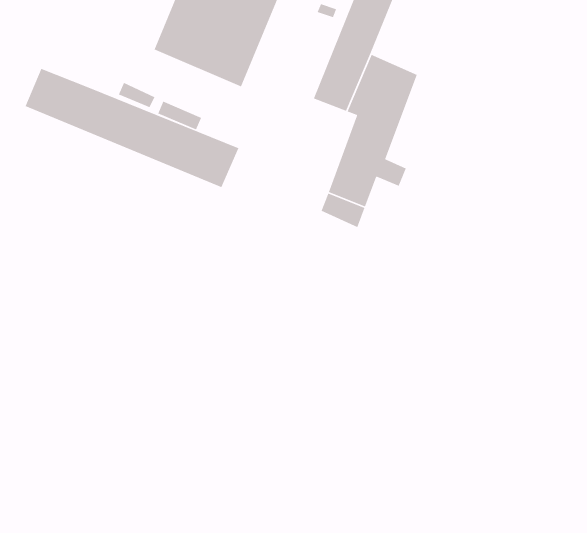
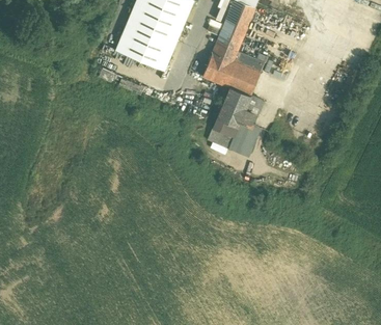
building: [24,68,239,188] -> none
building: none -> [228,121,258,157]

